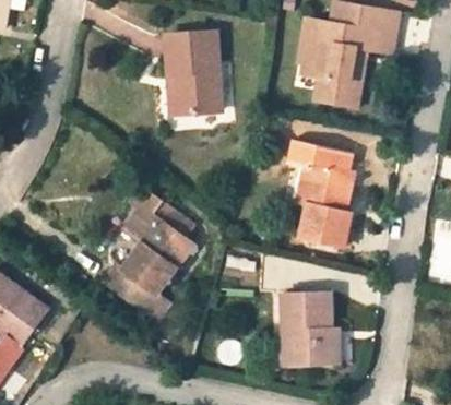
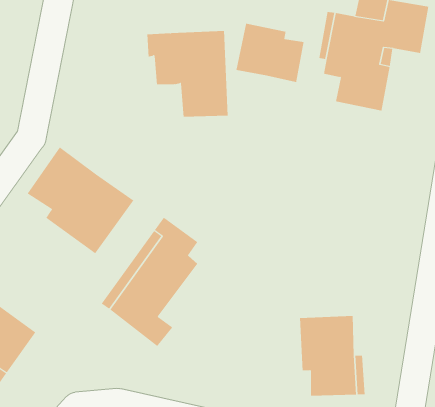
building: none -> [236,23,304,83]
building: none -> [27,146,134,254]
building: [299,159,354,243] -> none

